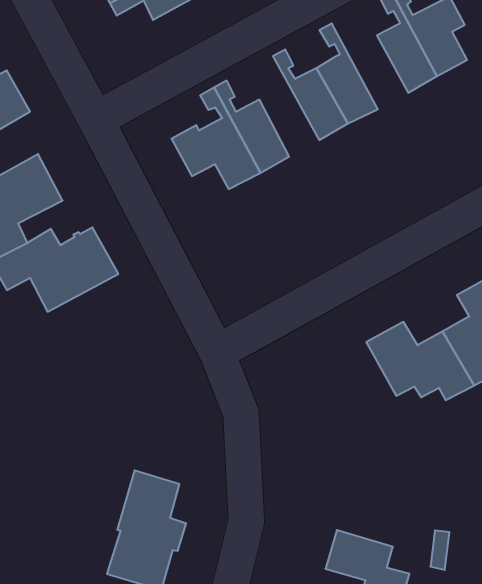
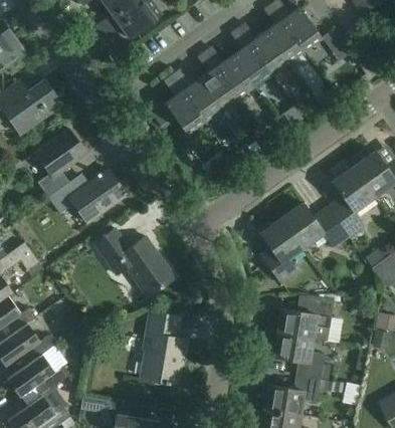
building: none -> [237,22,288,75]
building: none -> [197,51,238,111]
building: none -> [94,228,175,296]
building: none -> [260,217,304,284]
building: none -> [277,295,334,341]

